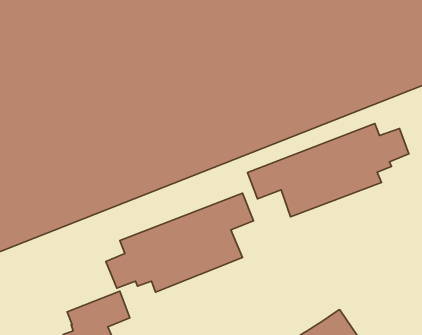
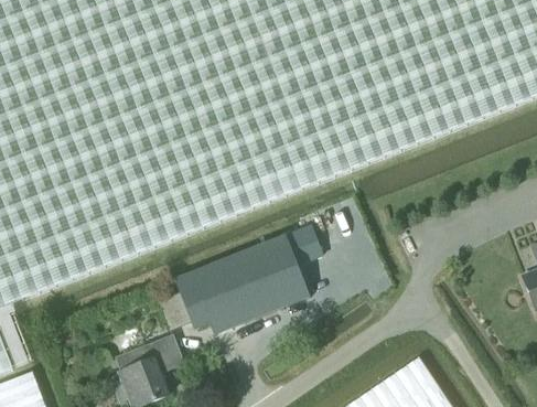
building: [248,123,409,217] -> none

